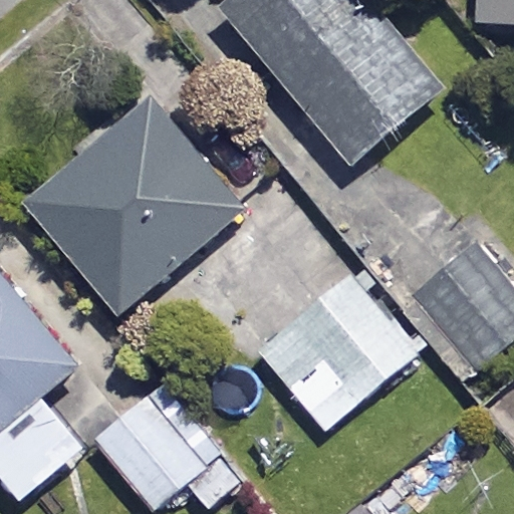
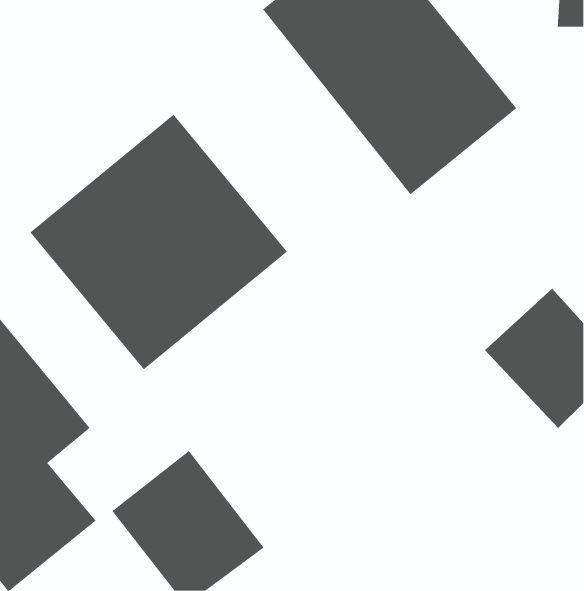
building: [257,272,414,427] -> none

